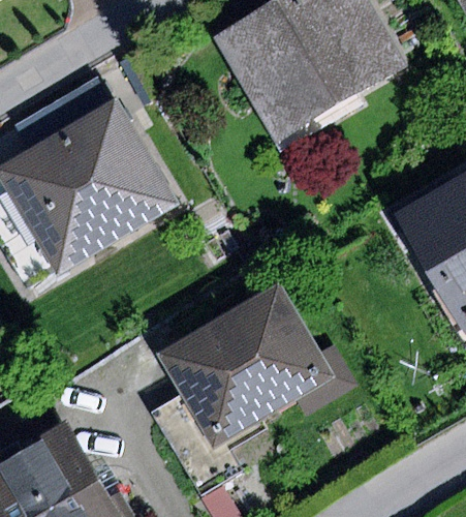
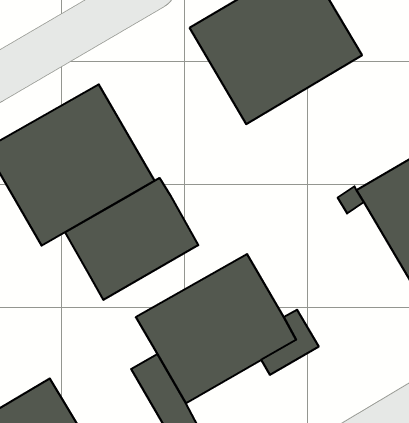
building: none -> [65,178,198,300]

